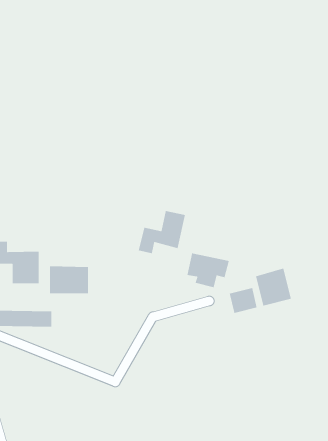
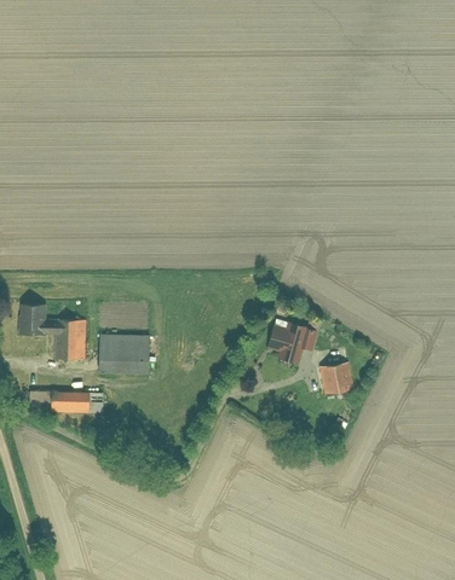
building: [138,210,186,254] -> none
building: [255,267,292,307] -> none

